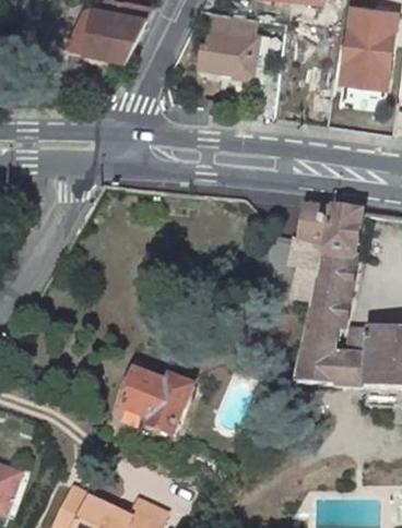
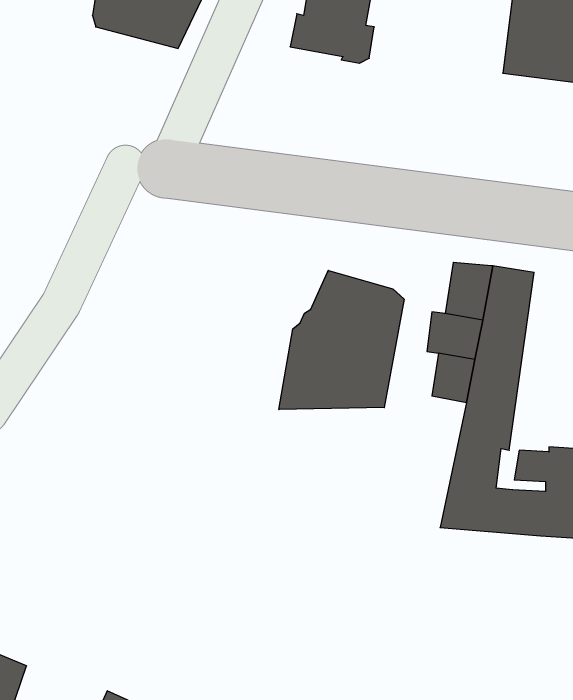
building: none -> [279,270,404,410]
building: [122,373,193,435] -> none

